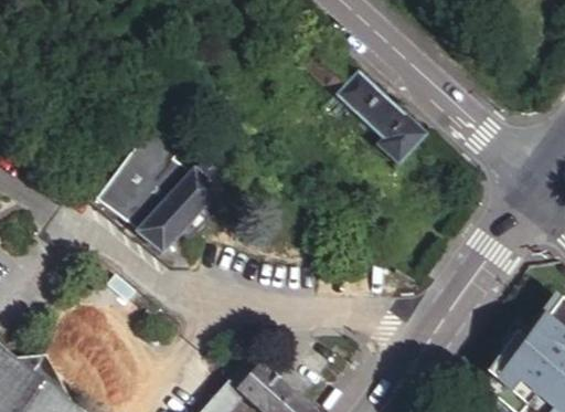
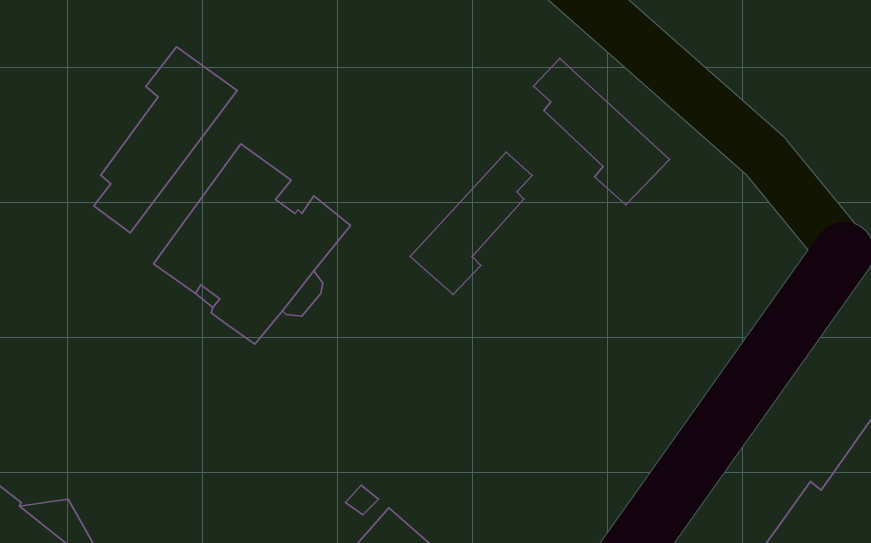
building: none -> [94,47,237,233]
building: none -> [410,152,532,294]

